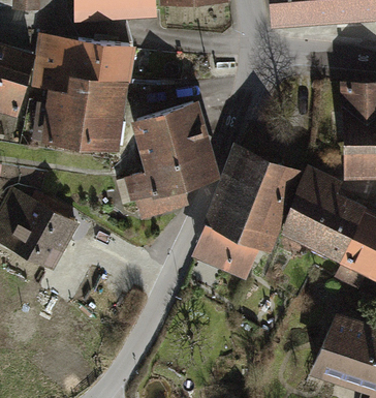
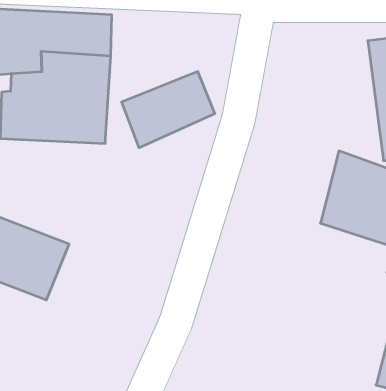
building: [126,135,214,221] -> none
building: [196,143,303,275] -> none

